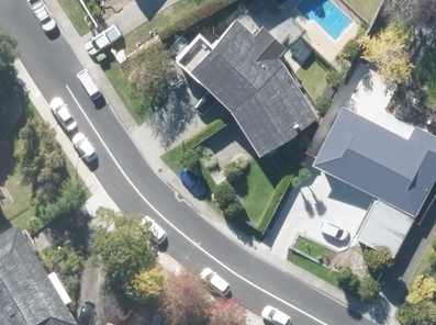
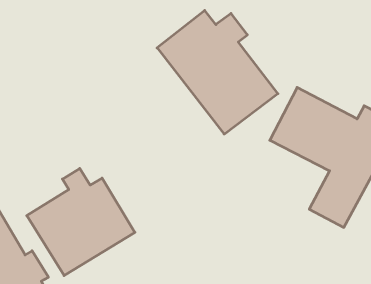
building: none -> [27,168,135,276]

